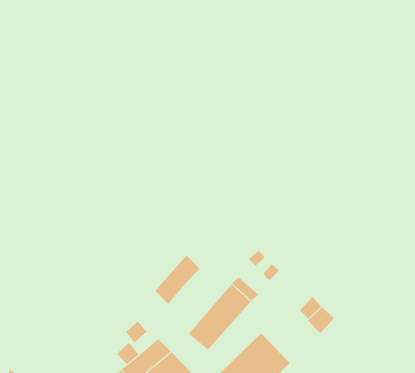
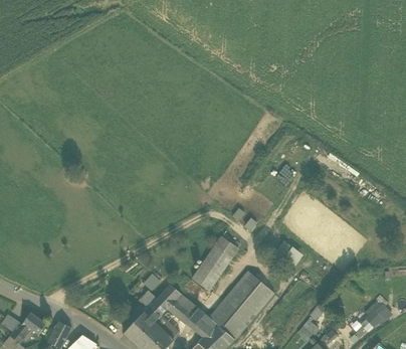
building: [155,255,200,305] -> none

